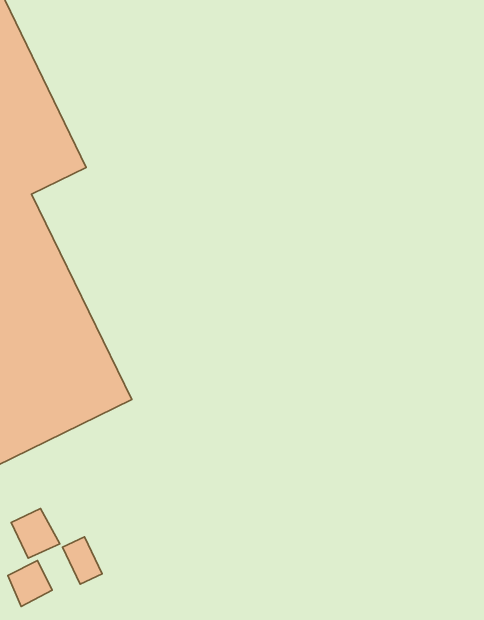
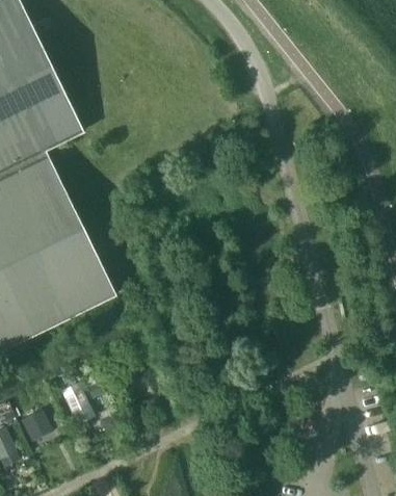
building: [11,508,60,558] -> none

